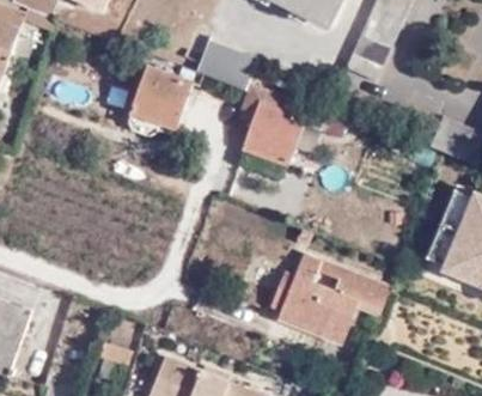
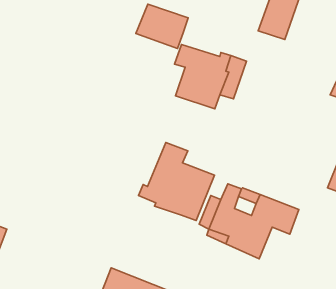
building: [127,68,191,136] -> none
building: none -> [138,142,214,221]

